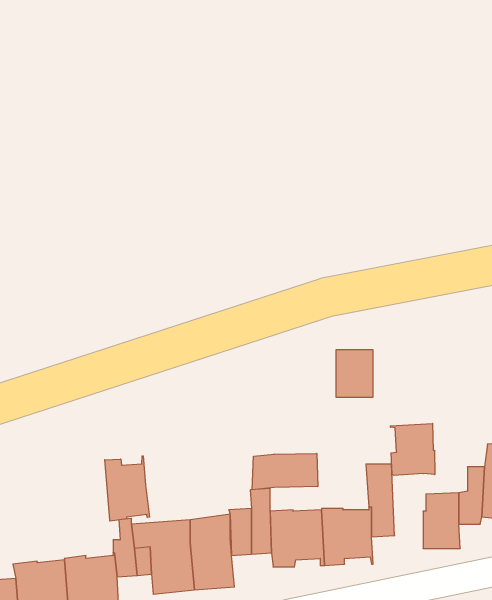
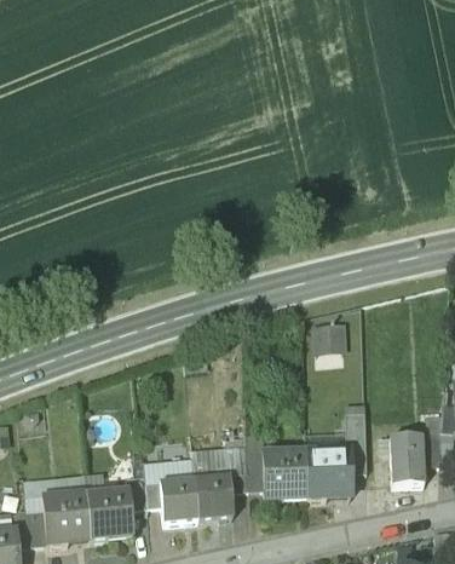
building: [390,423,435,475] -> none
building: [252,453,318,490] -> none
building: [105,456,149,521] -> none

